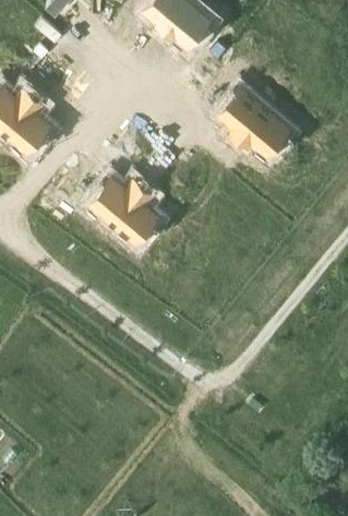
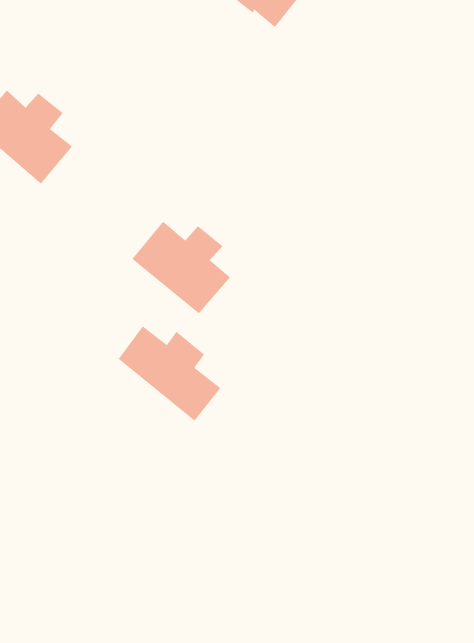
building: [221,88,292,155] -> none
building: none -> [118,325,221,421]

